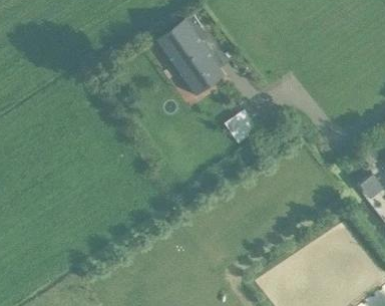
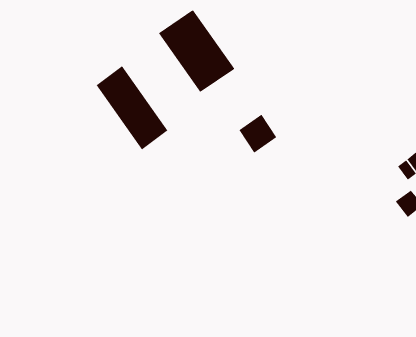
building: none -> [96,66,168,150]

